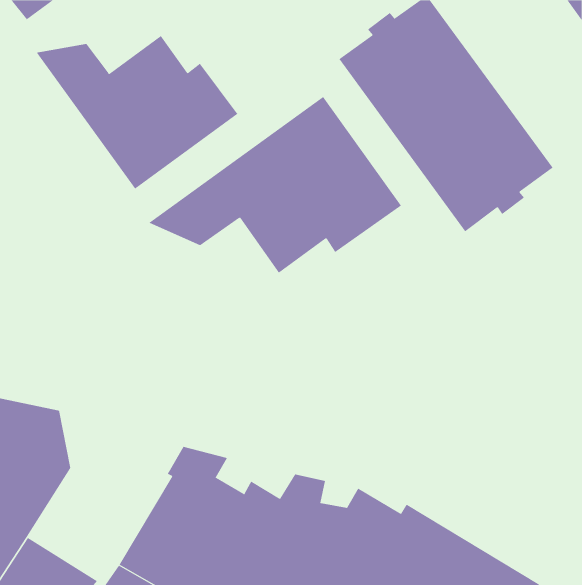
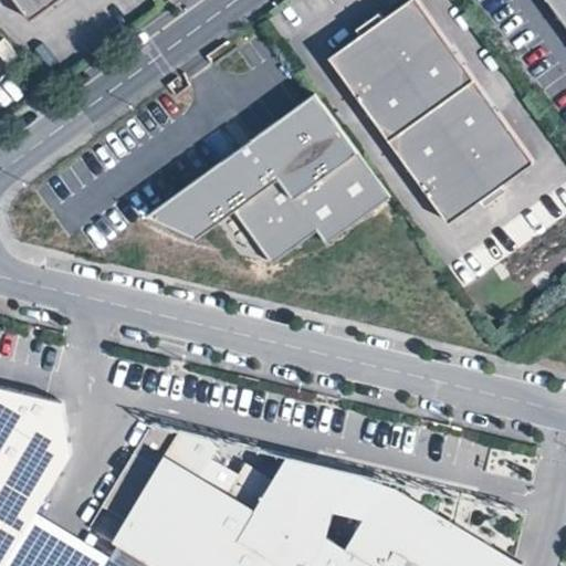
building: [36,35,238,190] -> none

